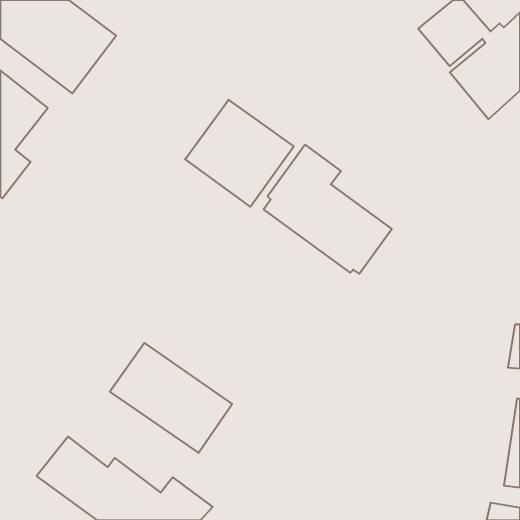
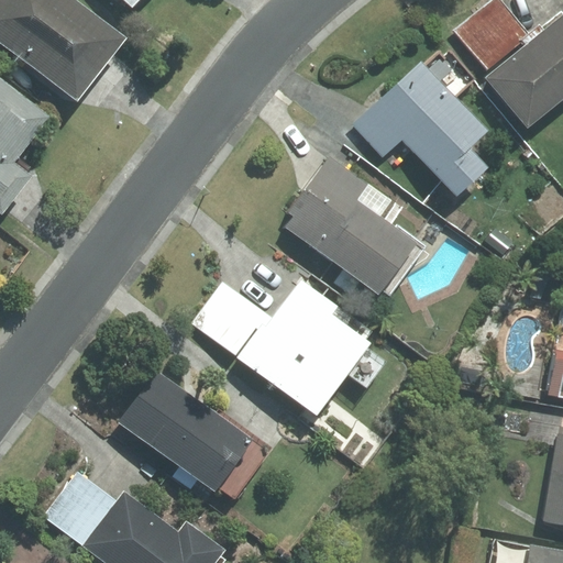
building: none -> [352,62,488,197]
building: [185,100,294,207] -> none
building: none -> [192,278,385,416]

